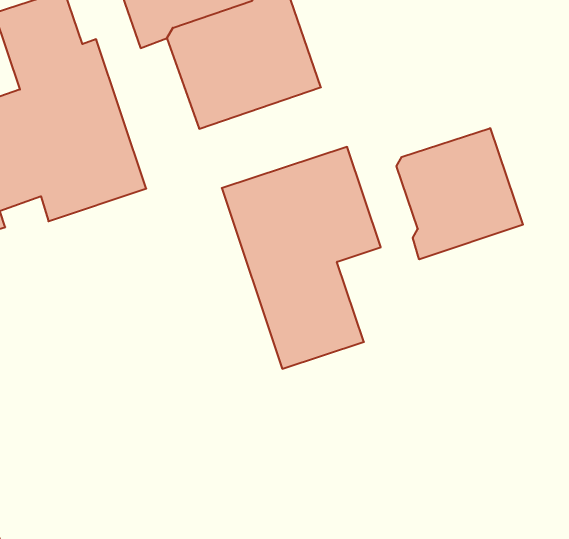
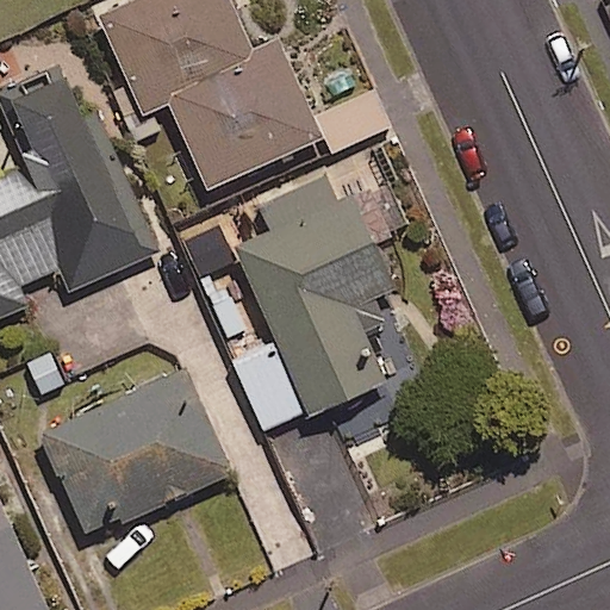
building: [397,128,523,259] -> none
building: none -> [38,368,229,534]

